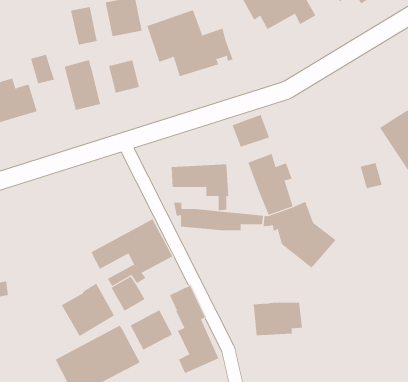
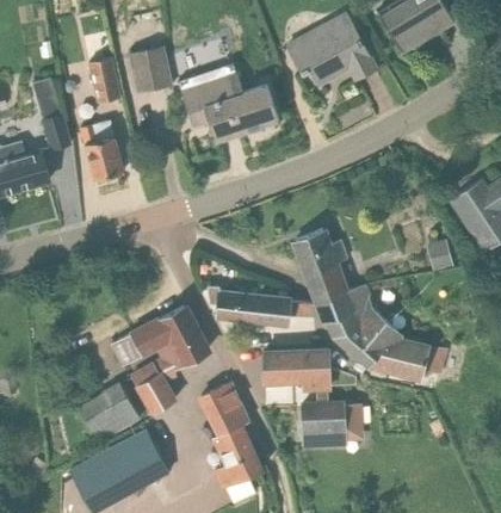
building: none -> [31,76,60,118]
building: [108,59,140,94] -> none
building: [232,114,270,148] -> none
building: [171,164,229,211] -> [262,350,330,404]
building: none -> [370,330,446,382]
building: [130,310,173,350] -> none

